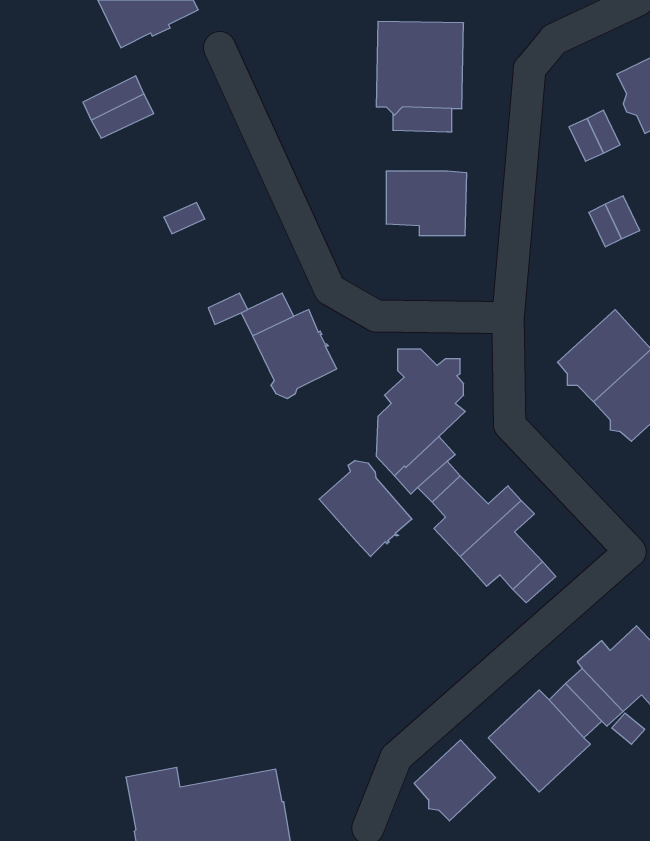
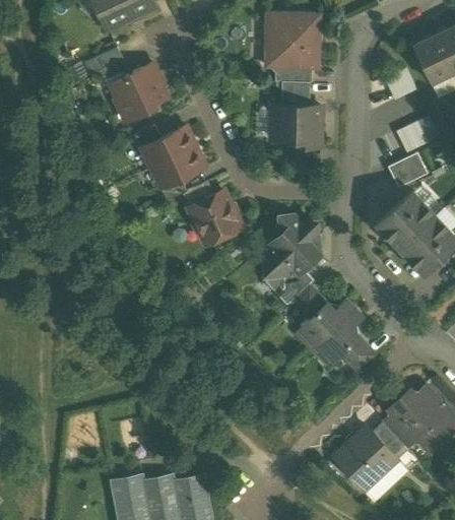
building: none -> [113,63,167,120]
building: none -> [282,81,310,106]
building: none -> [143,126,206,187]
building: none -> [389,152,429,187]
building: [319,460,412,557] -> none
building: [414,740,496,821] -> none

